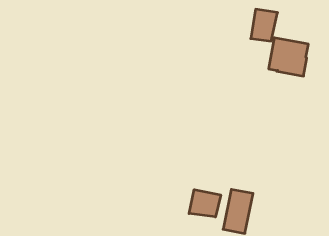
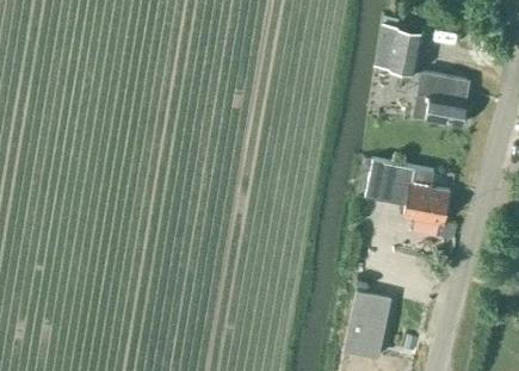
building: none -> [365,159,449,227]
building: [189,190,221,217] -> none

